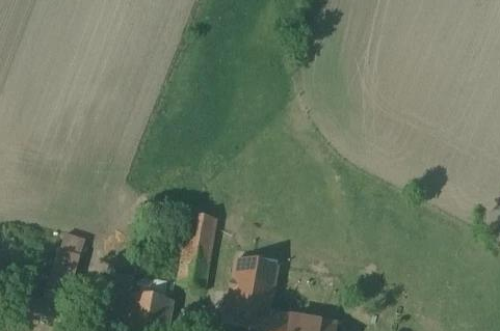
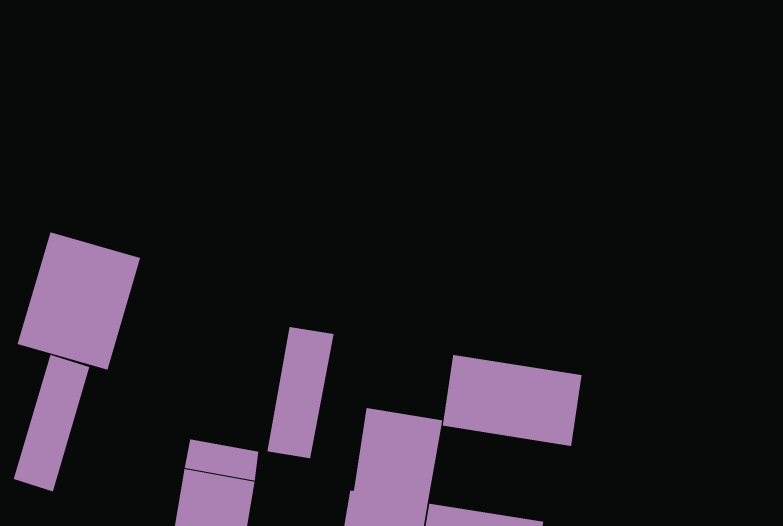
building: none -> [17,231,141,370]
building: none -> [442,354,582,447]

